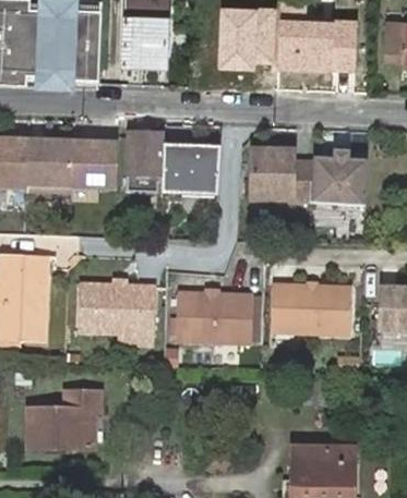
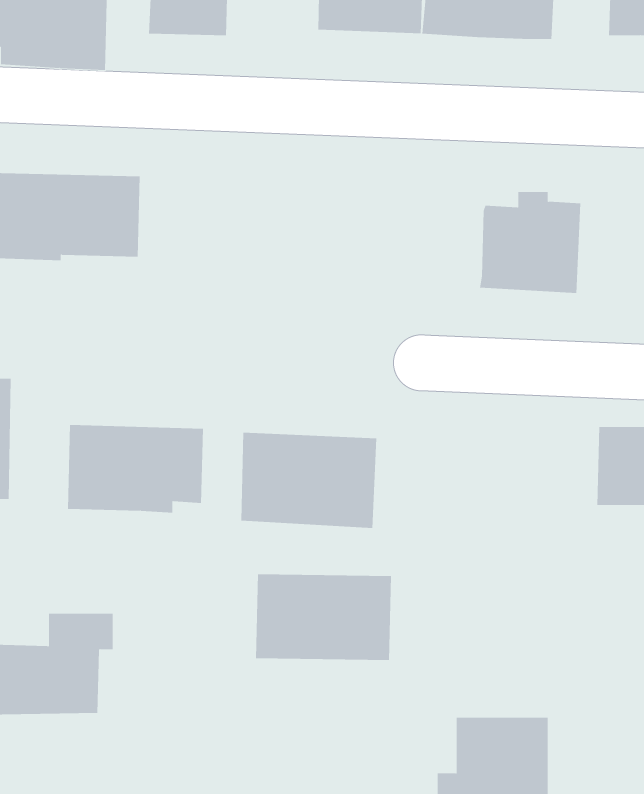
building: [127,130,220,194] -> none
building: [251,148,312,199] -> none
building: [273,282,350,331] -> [255,574,392,661]

